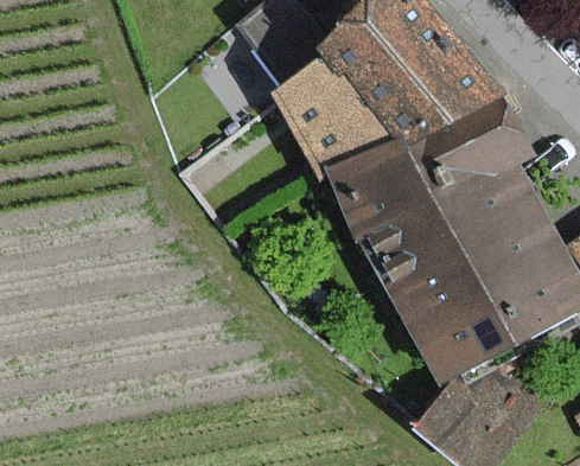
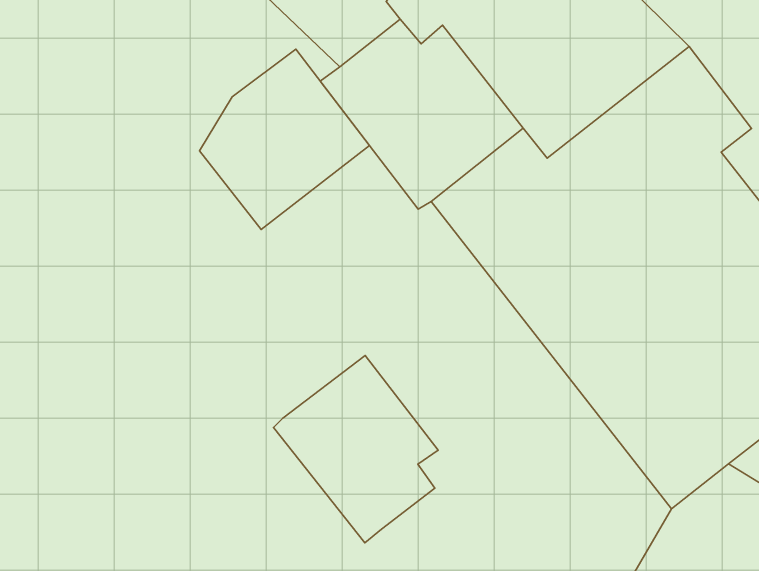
building: none -> [200,49,369,230]
building: none -> [274,356,438,543]

